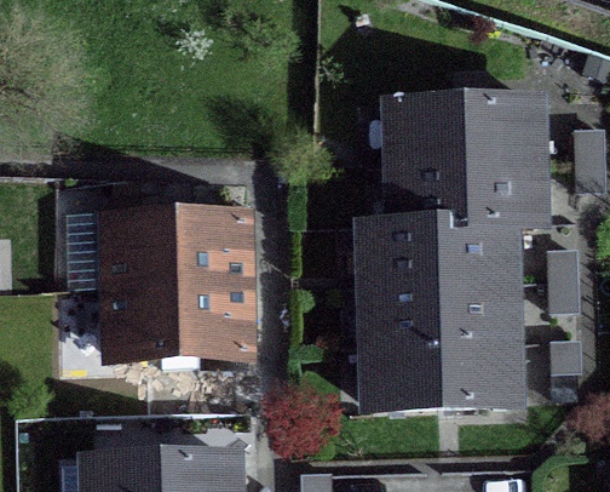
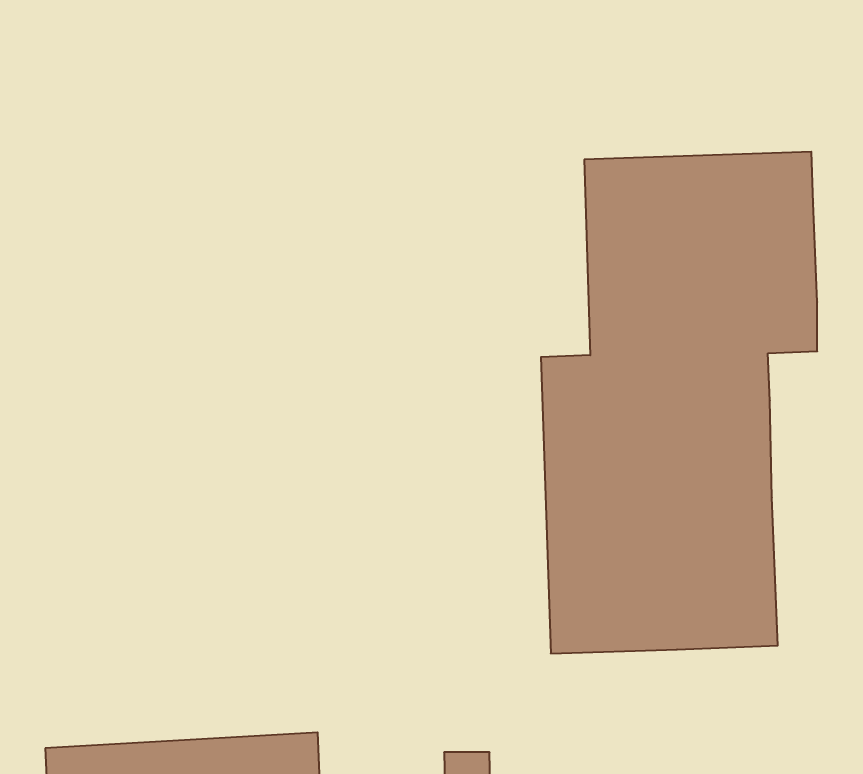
building: [105,214,254,365] -> none

